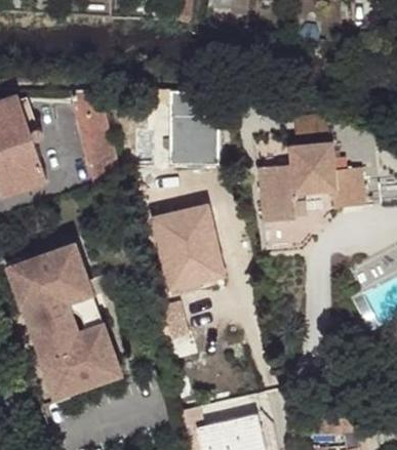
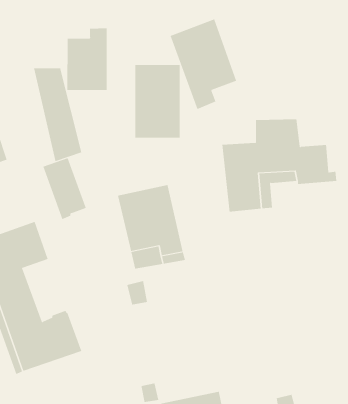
building: none -> [170,19,237,110]
building: none -> [67,27,107,91]
building: [59,282,105,344] -> [43,157,88,220]

